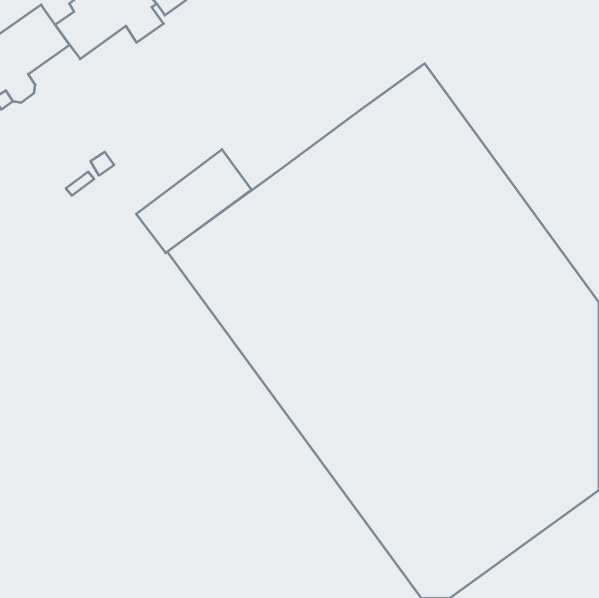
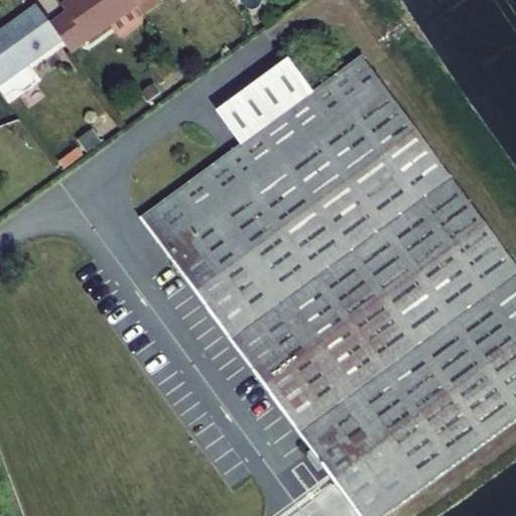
building: [136,149,252,253] -> [211,59,309,148]

